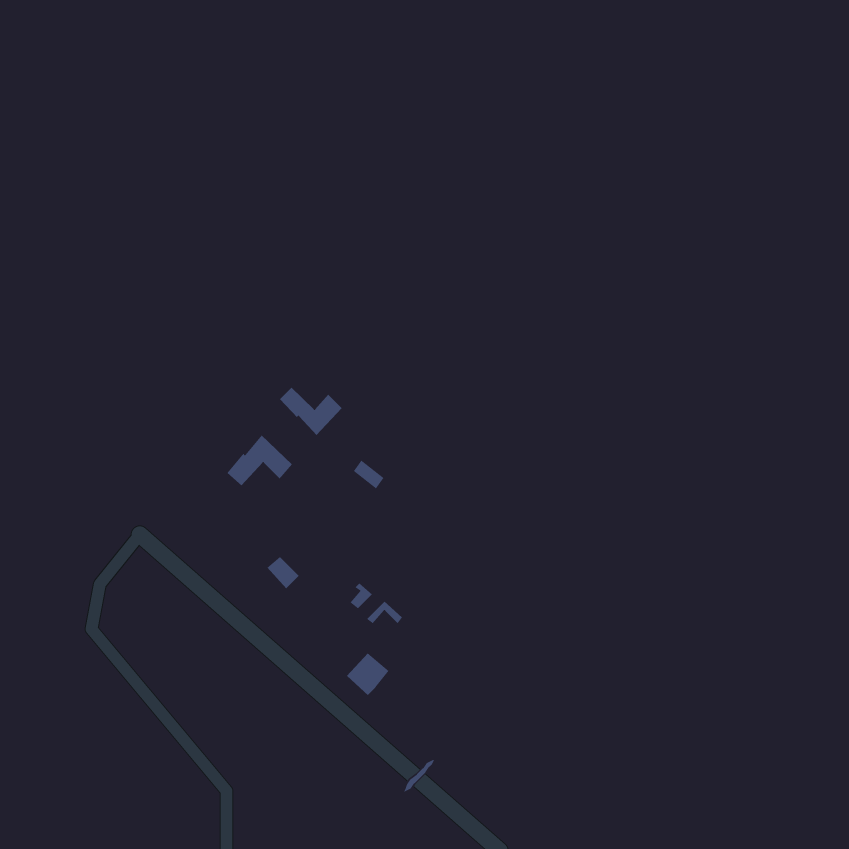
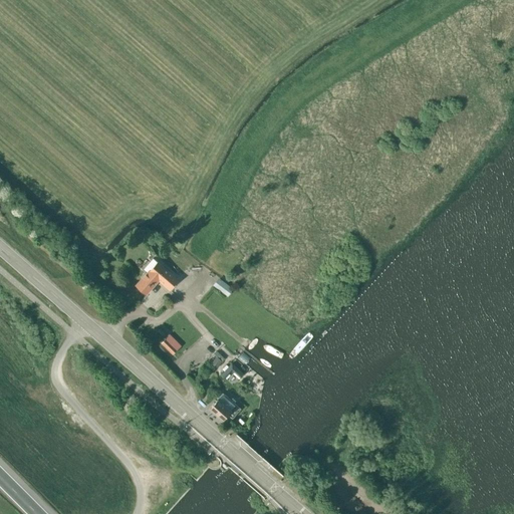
building: [279,387,343,436] -> none

